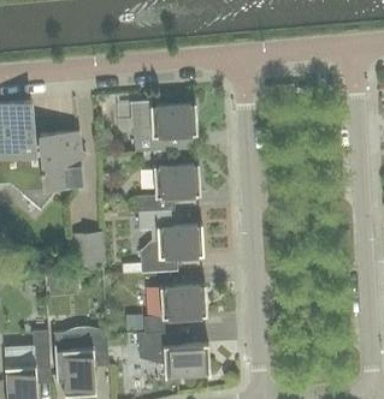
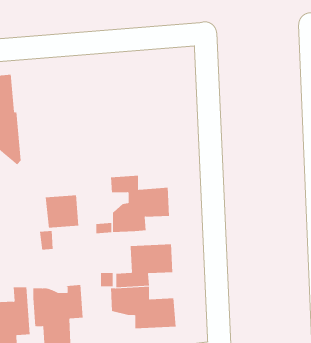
building: [131,101,196,153] -> none
building: [36,132,84,206] -> none
building: [136,163,200,213] -> none

